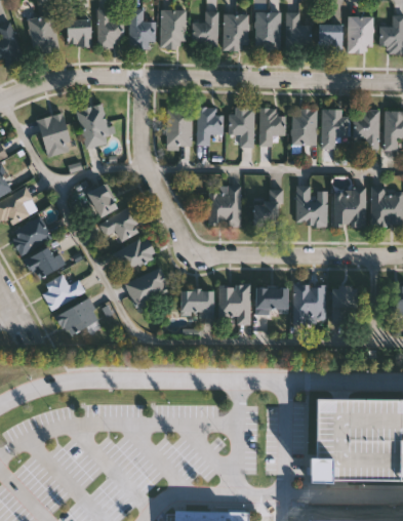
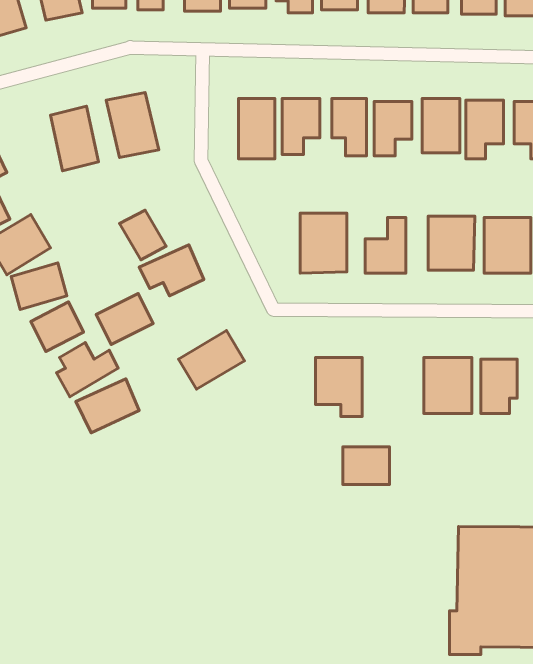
building: [118,236,157,271] -> [96,293,153,345]
building: [255,287,287,313] -> [343,447,390,485]
building: [180,289,213,316] -> none

